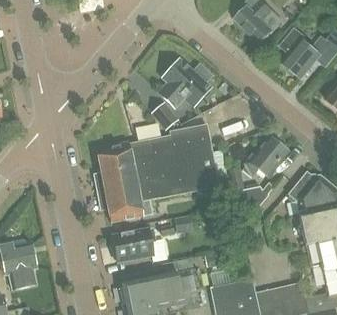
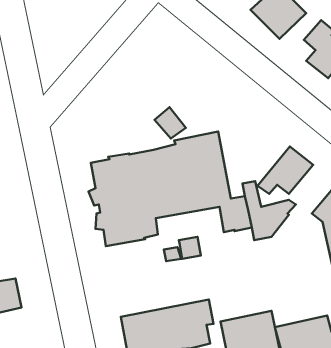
building: [157,58,209,106] -> none
building: [112,228,154,262] -> none

